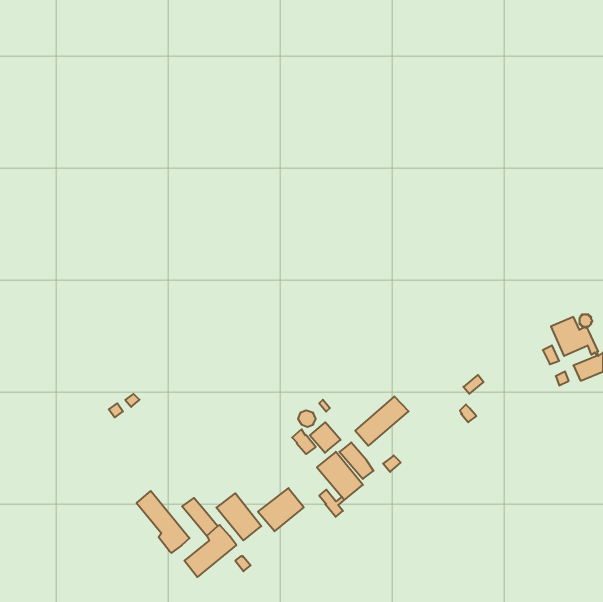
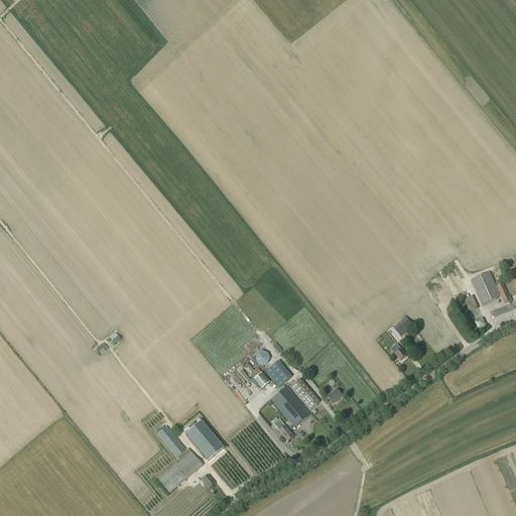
building: [355,396,409,446] -> none
building: [258,488,304,531] -> none
building: [137,491,190,553] -> none

